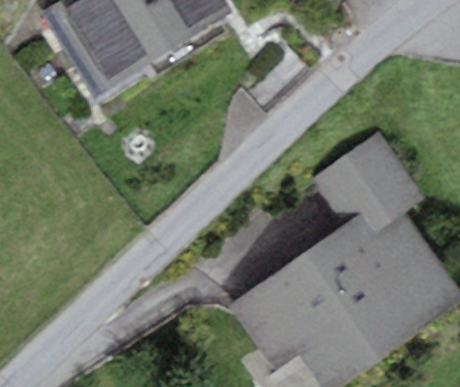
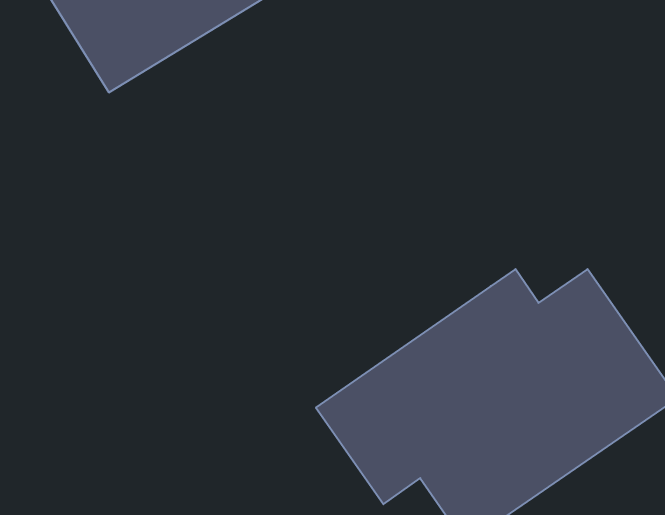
building: [313,133,428,236] -> none

